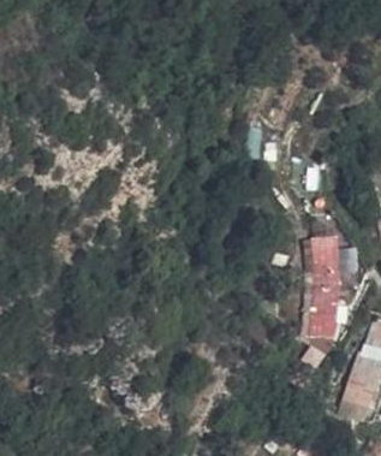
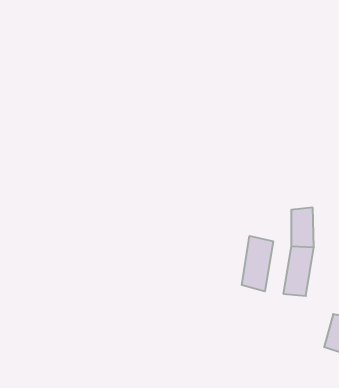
building: none -> [242,236,273,291]

